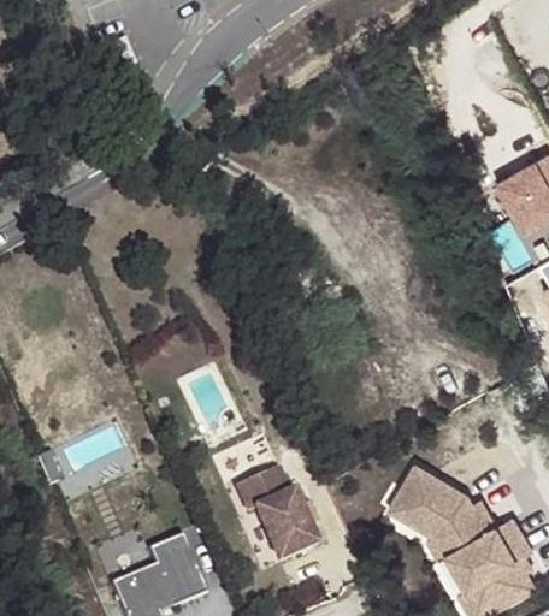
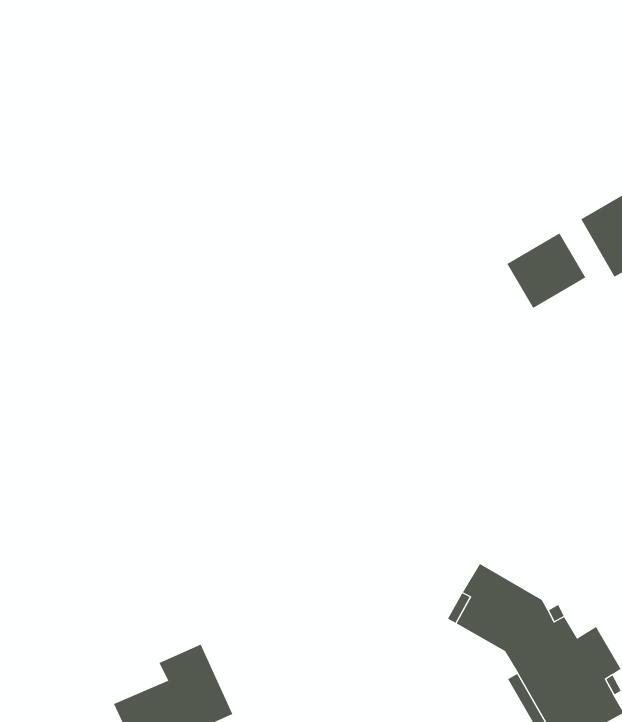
building: none -> [506,233,586,309]
building: [237,470,319,564] -> none

